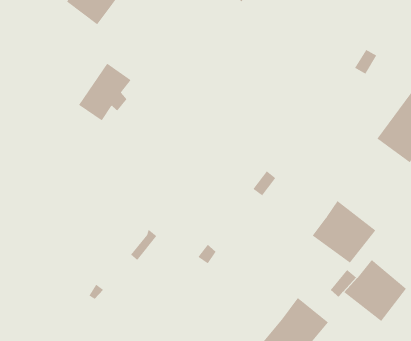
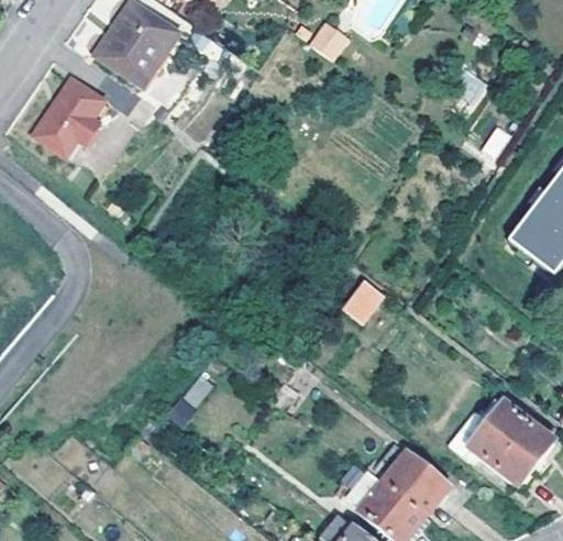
building: [78,63,132,121] -> [32,78,103,156]
building: [312,200,376,264] -> none

